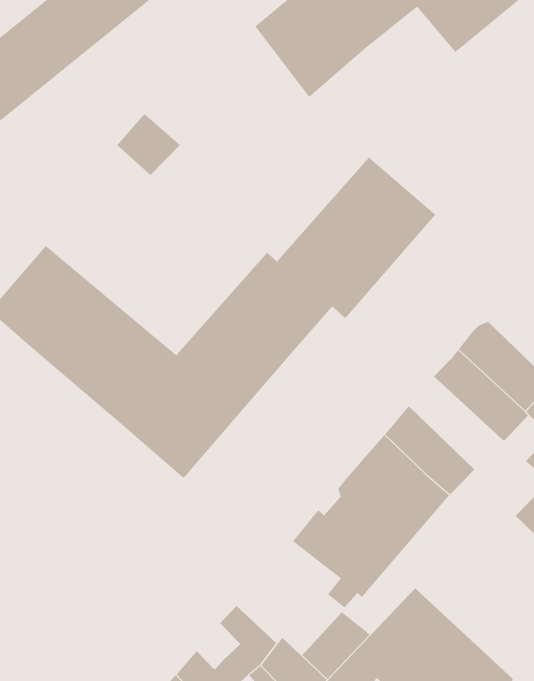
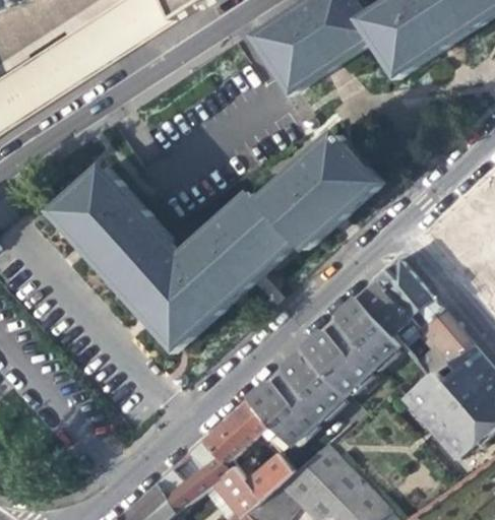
building: [117,113,181,176] -> none
building: none -> [338,296,400,364]
building: none -> [203,400,277,470]

